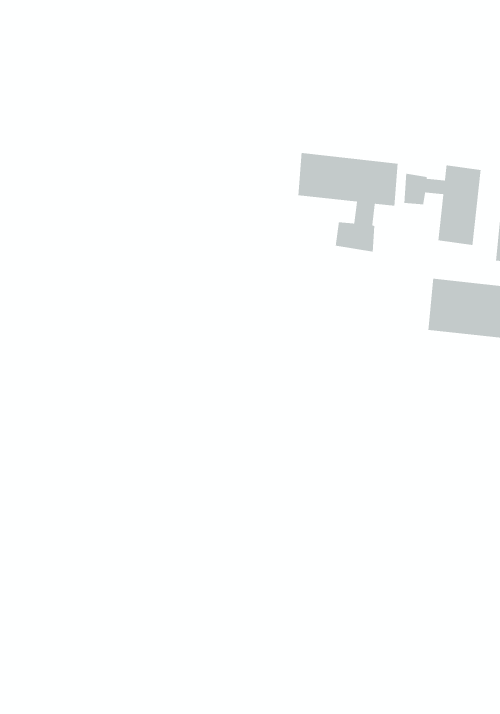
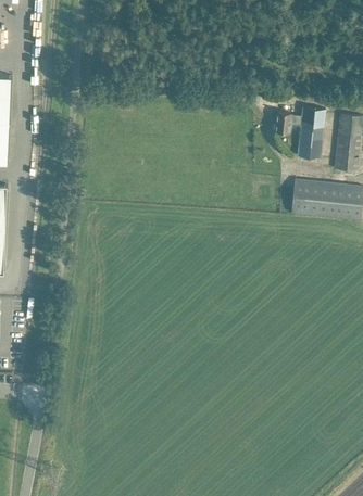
building: [298,152,398,252] -> none

